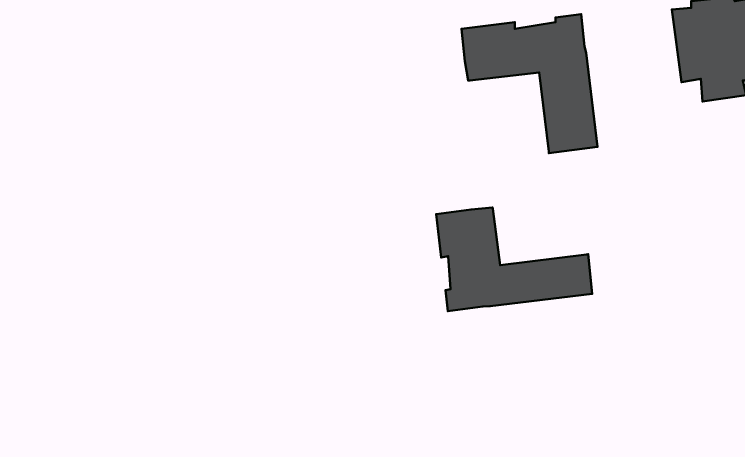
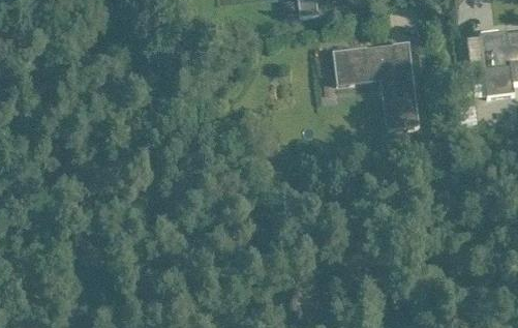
building: [436,208,592,311] -> none

